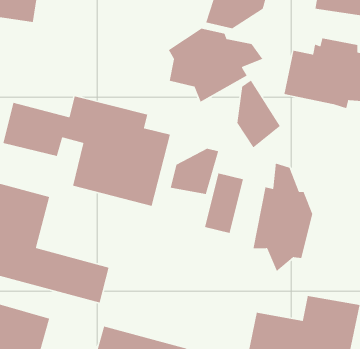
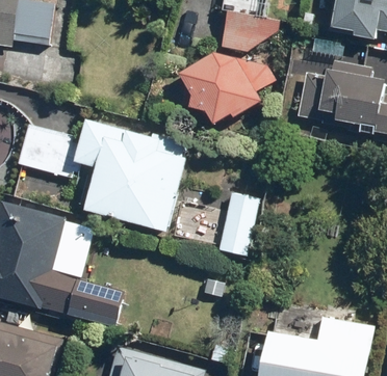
building: [236,79,281,148] -> none
building: [170,148,219,195] -> none
building: [252,162,313,272] -> none

